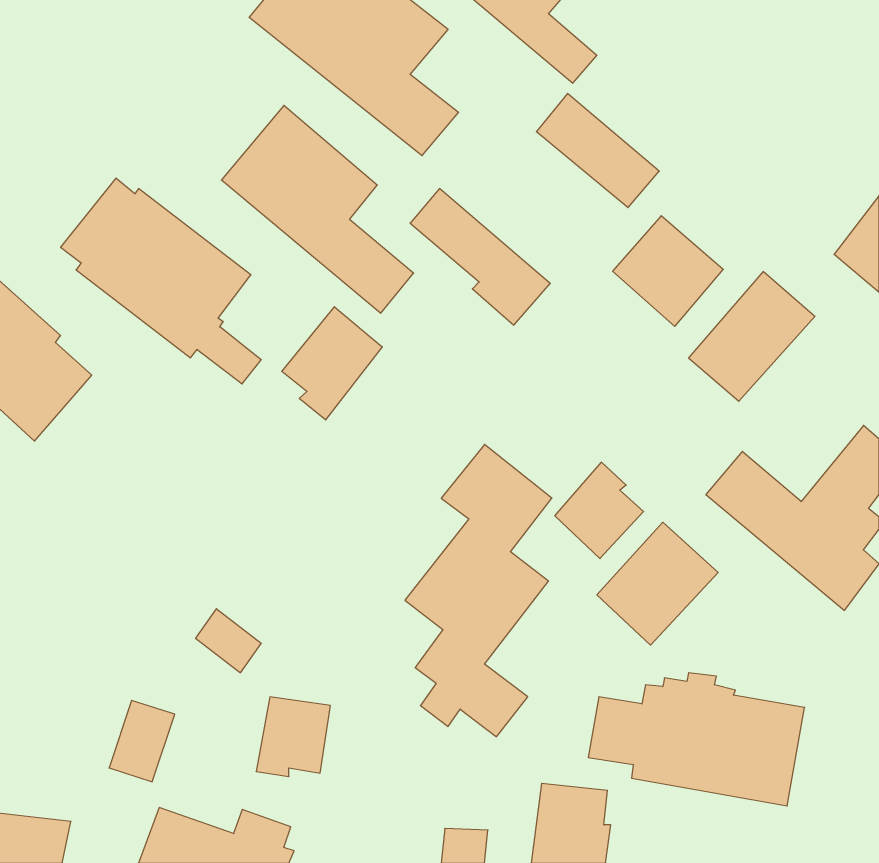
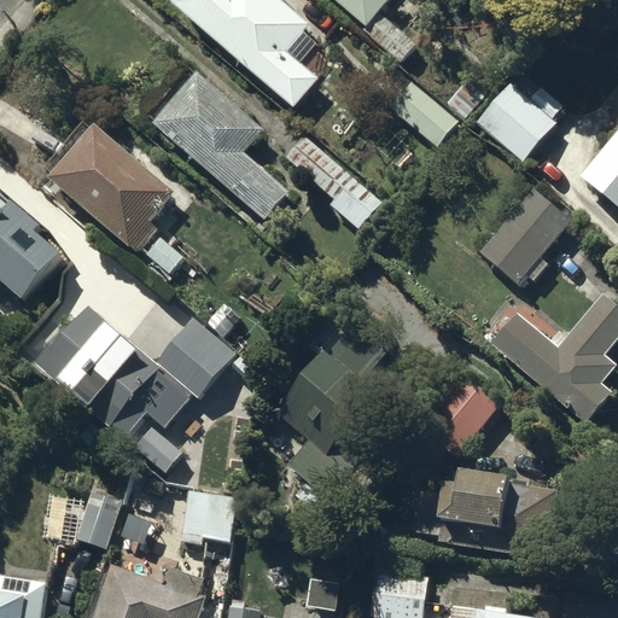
building: [613,216,723,326] -> [479,83,556,161]
building: [282,307,382,420] -> none
building: none -> [36,309,237,438]
building: [555,462,644,559] -> none

